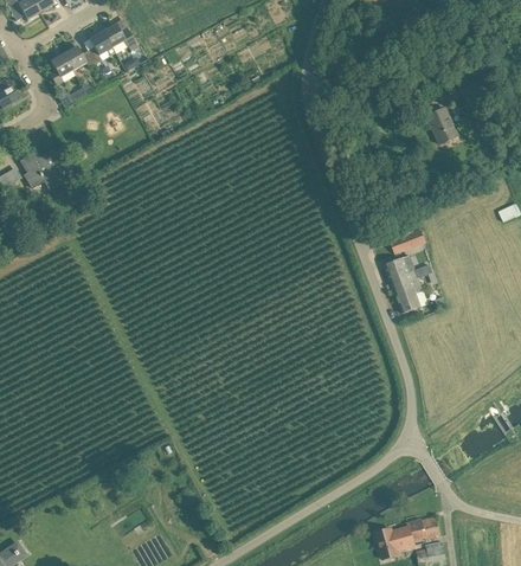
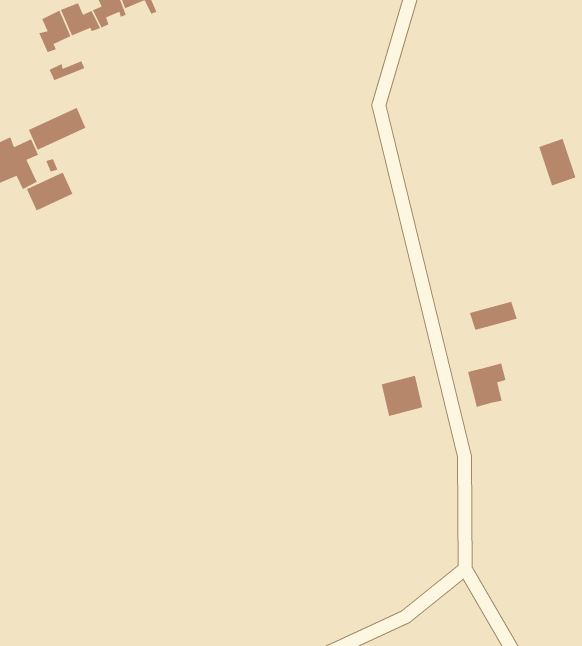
building: none -> [28,107,87,151]
building: none -> [26,171,74,211]
building: [384,253,417,287] -> [381,375,423,417]

